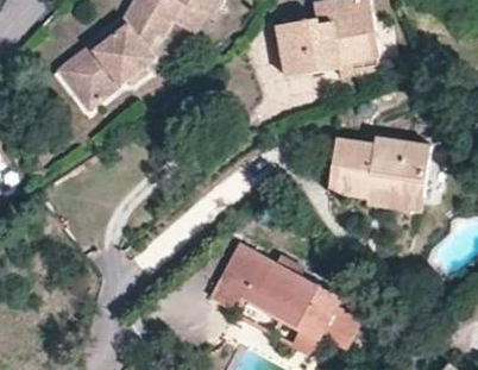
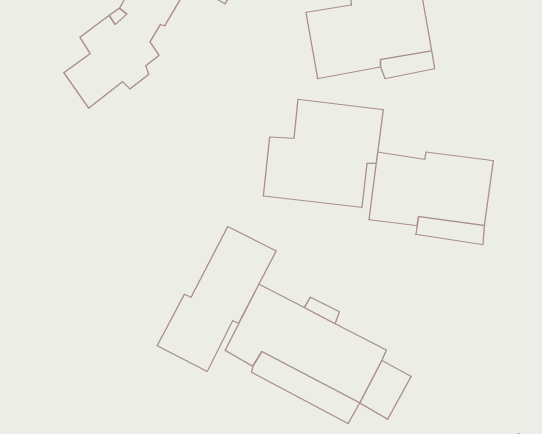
building: [58,45,101,111] -> none
building: none -> [263,99,383,208]
building: none -> [157,227,276,371]

